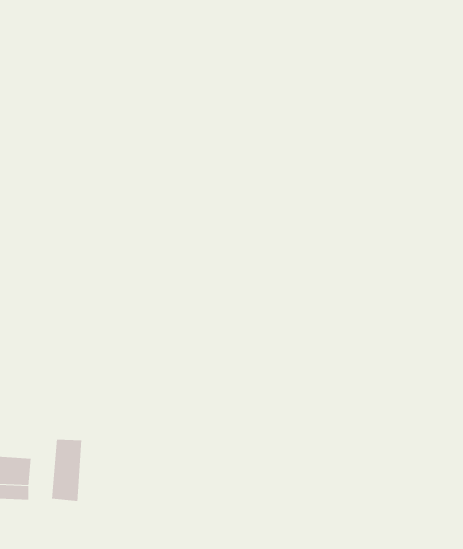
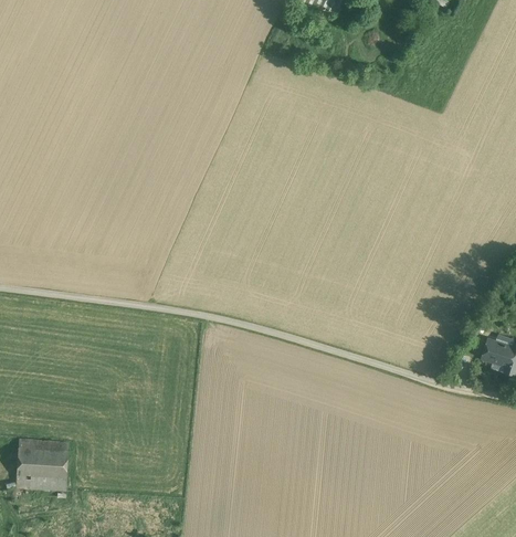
building: [52,439,82,502] -> none

